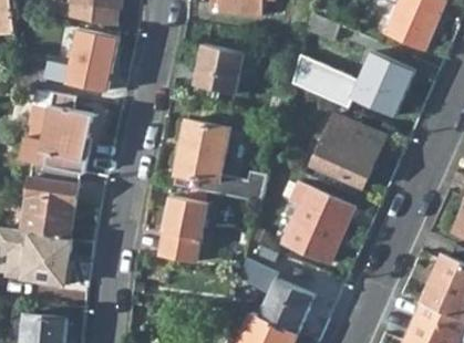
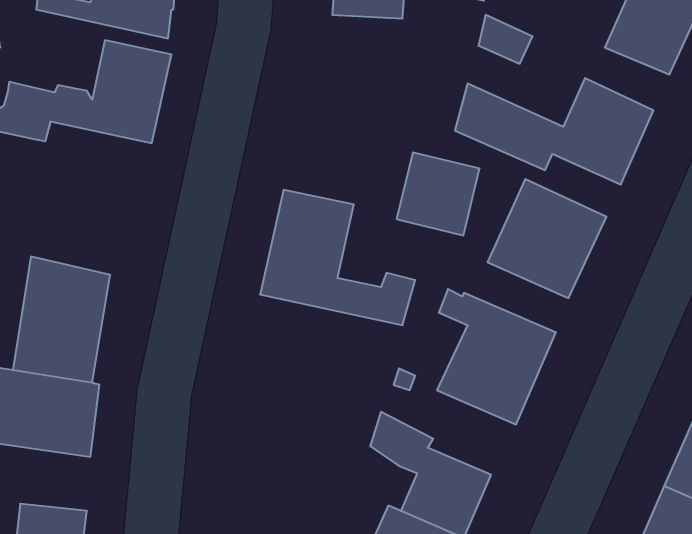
building: [194,43,245,94] -> [397,152,480,235]
building: [20,89,92,172] -> none
building: [159,196,208,262] -> none

